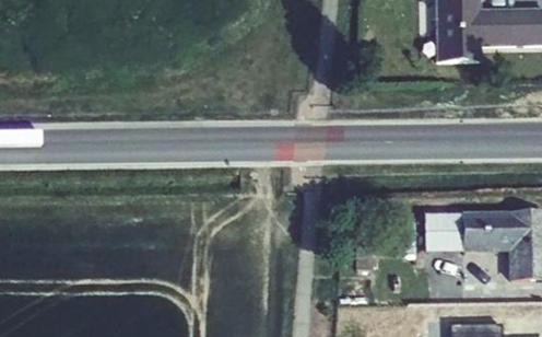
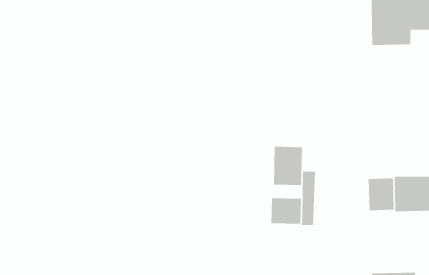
building: none -> [273,146,303,186]
building: none -> [271,197,302,224]

